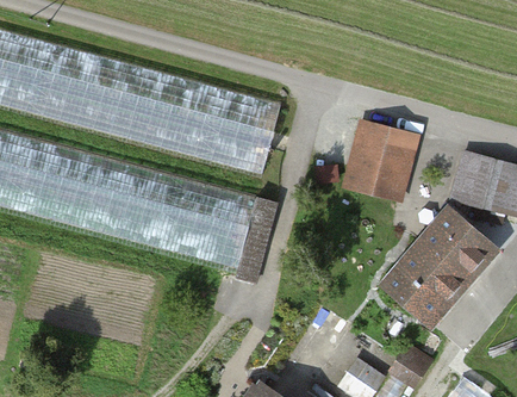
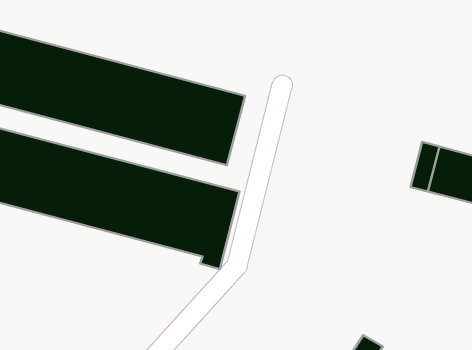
building: [356,126,406,194] -> none
building: [385,210,492,321] -> none

